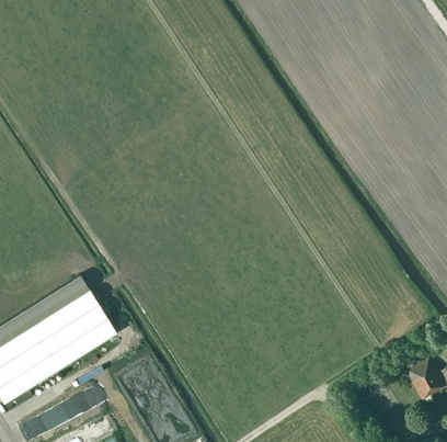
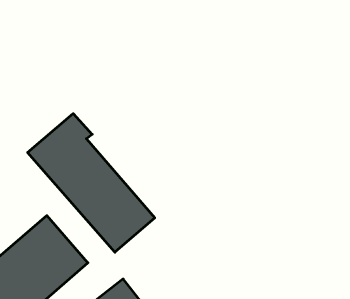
building: none -> [28,114,155,252]

